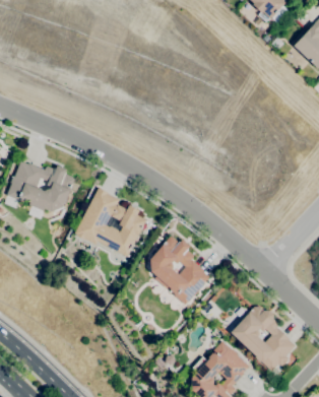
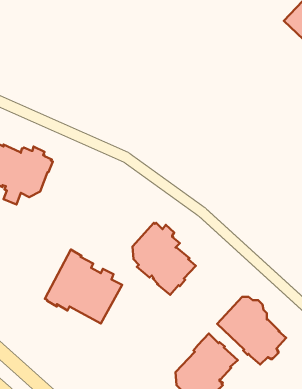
building: [74,187,147,257] -> [45,249,122,324]

